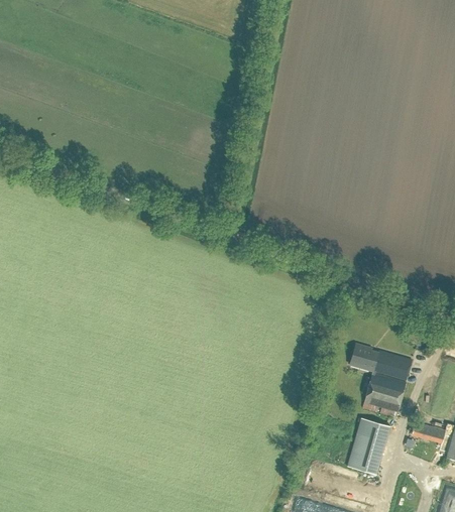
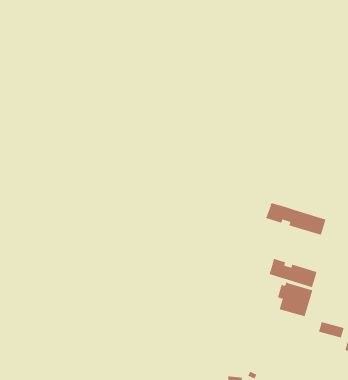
building: none -> [265,202,326,236]
building: [347,417,390,475] -> none

